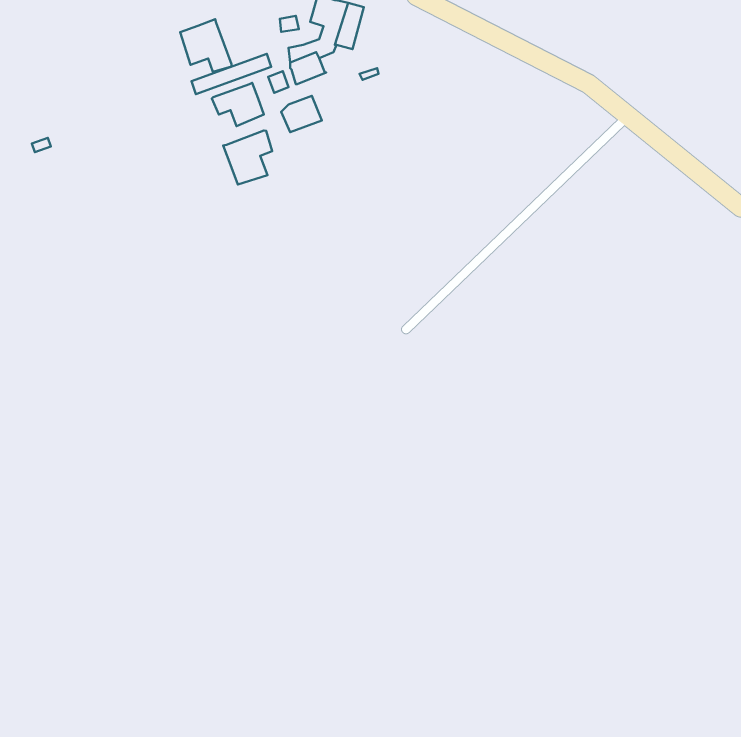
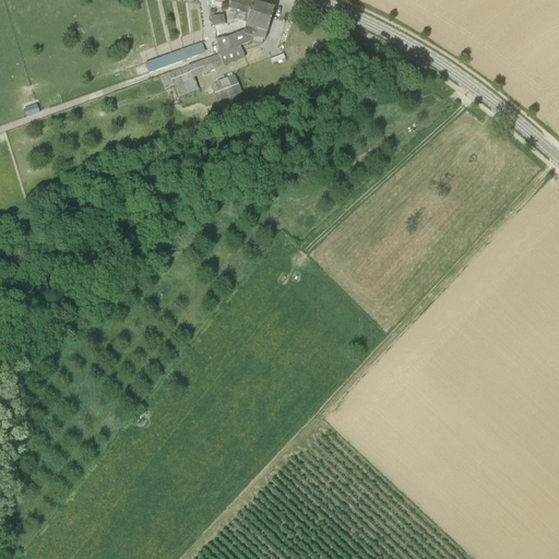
building: [180,19,232,72] -> none
building: [223,131,272,184] -> none

